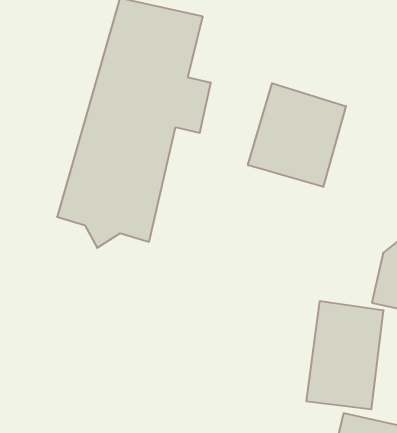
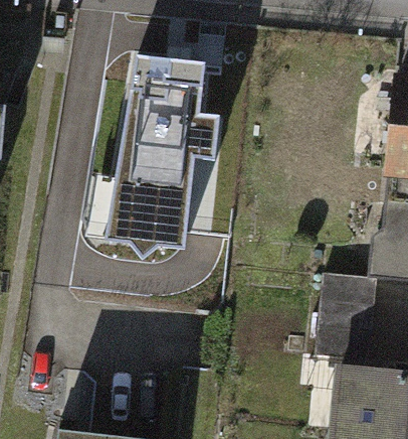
building: [248,83,346,187] -> none

